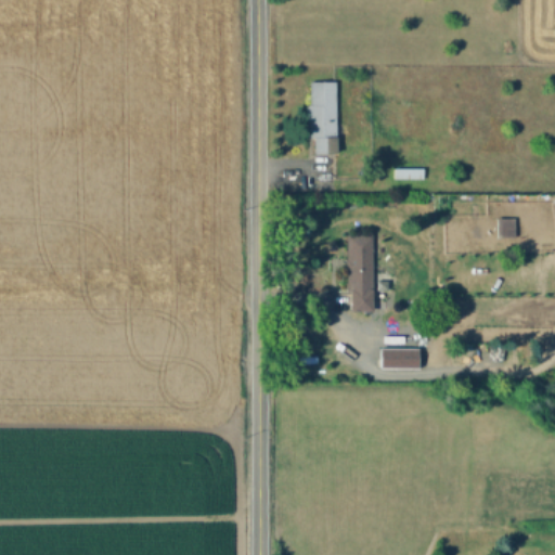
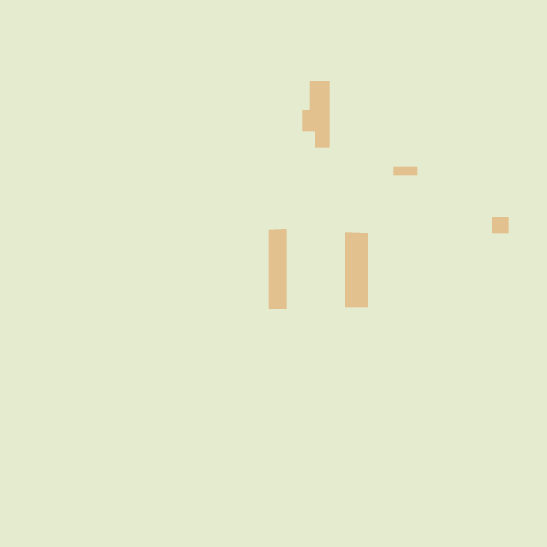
building: none -> [268,228,287,310]
building: [382,349,420,369] -> none

